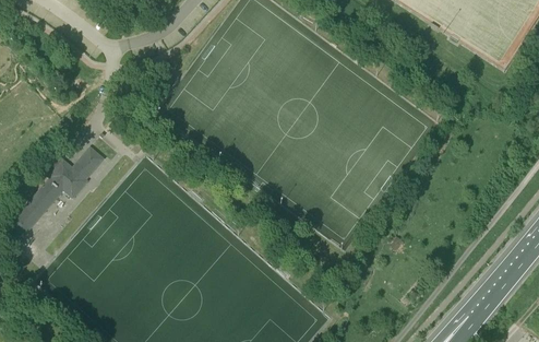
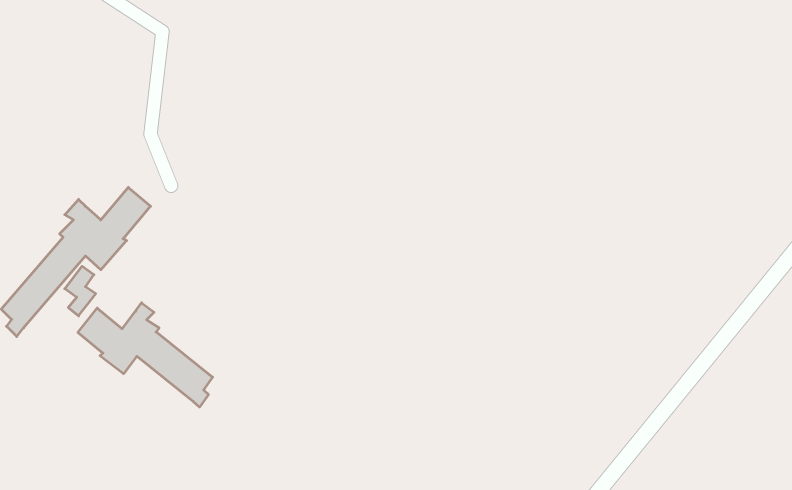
building: none -> [78,303,213,407]

